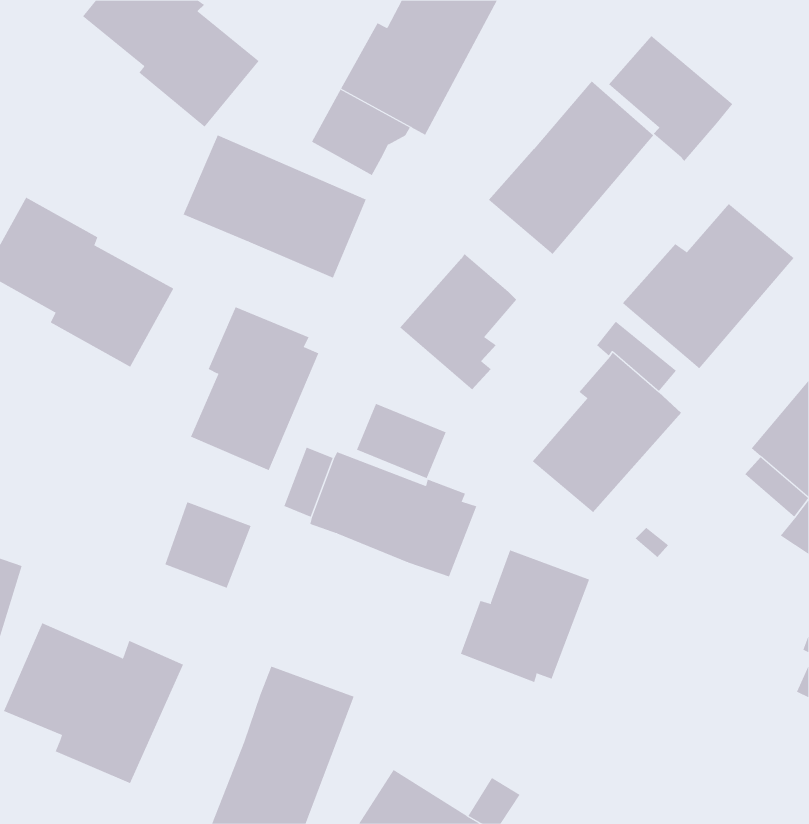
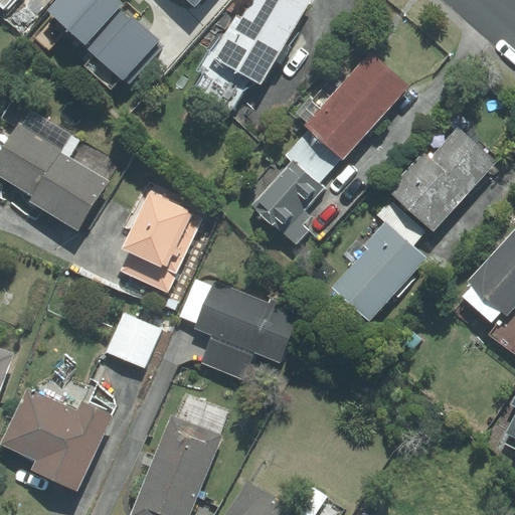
building: [608,35,733,162] -> none
building: [183,135,366,279] -> none
building: none -> [281,130,338,182]
building: [356,403,446,479] -> [198,333,254,380]
building: [460,549,590,683] -> none

